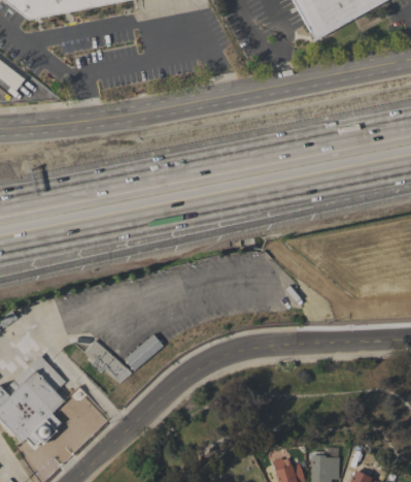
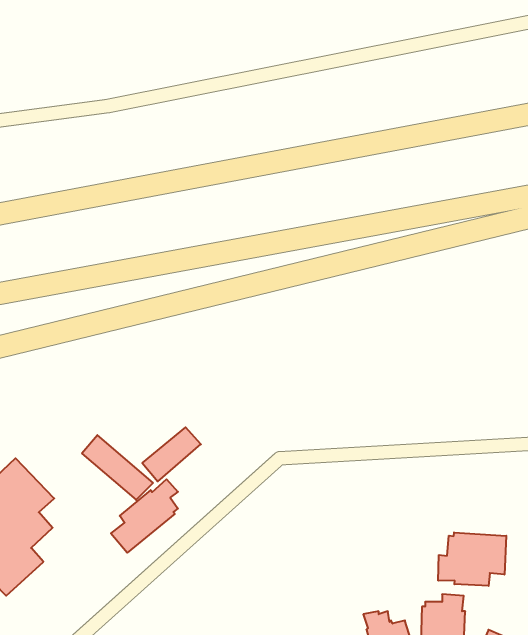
building: none -> [111,479,178,553]
building: none -> [438,532,506,586]

